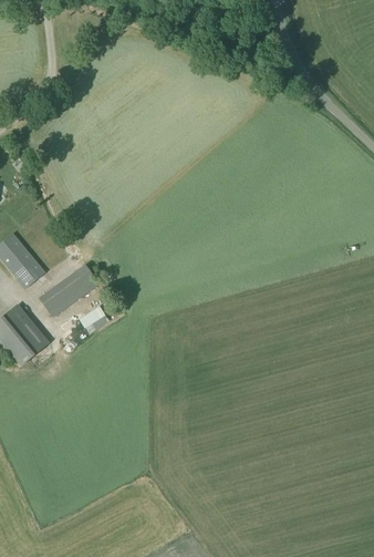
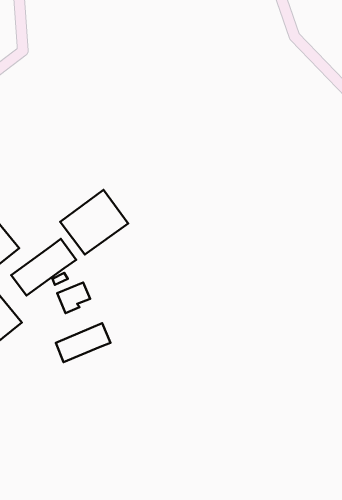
building: none -> [60,190,128,254]
building: none -> [56,323,111,362]

